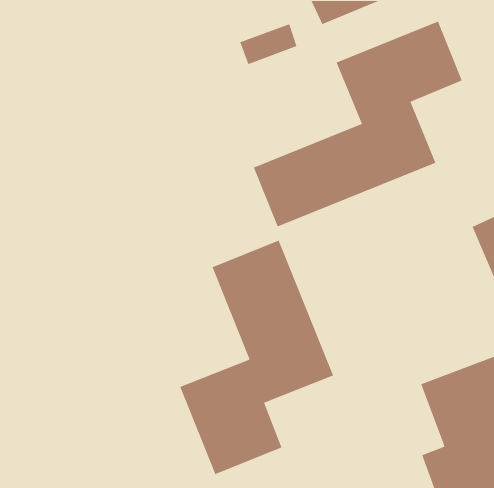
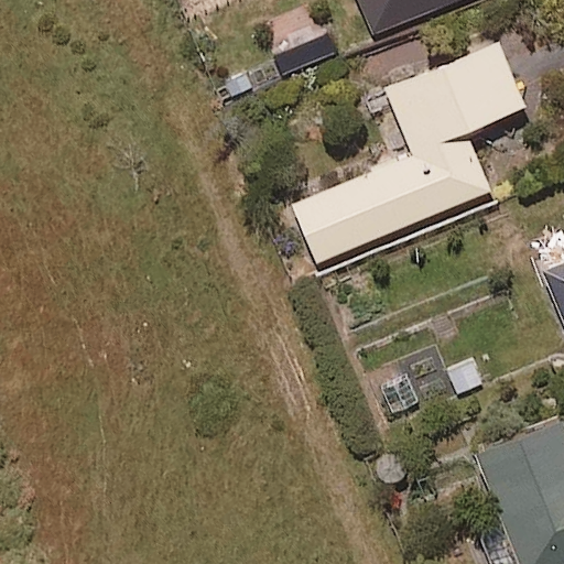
building: [179,239,334,475] -> none

